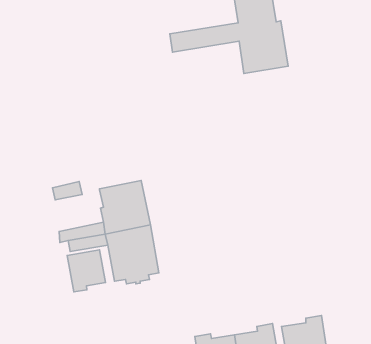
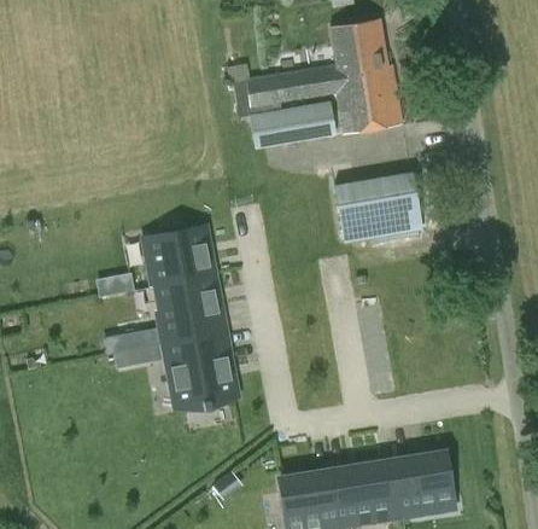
building: none -> [251,100,335,147]
building: none -> [335,172,422,240]
building: none -> [147,222,210,285]
building: [67,250,106,292] -> none

